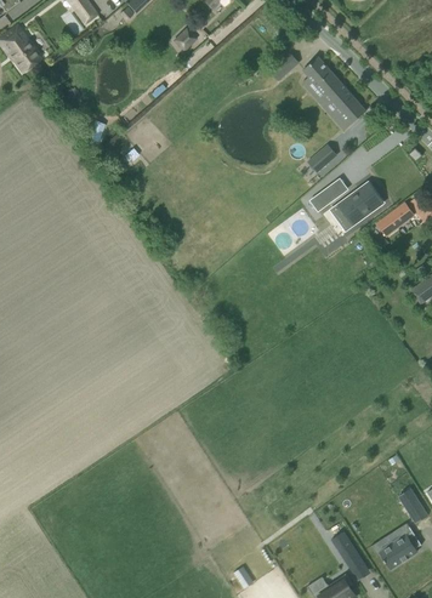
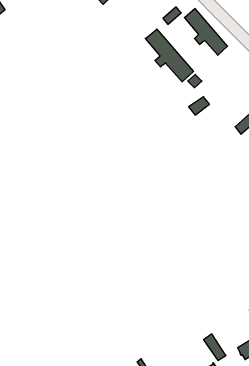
building: none -> [145,29,193,82]
building: [339,183,382,223] -> none

